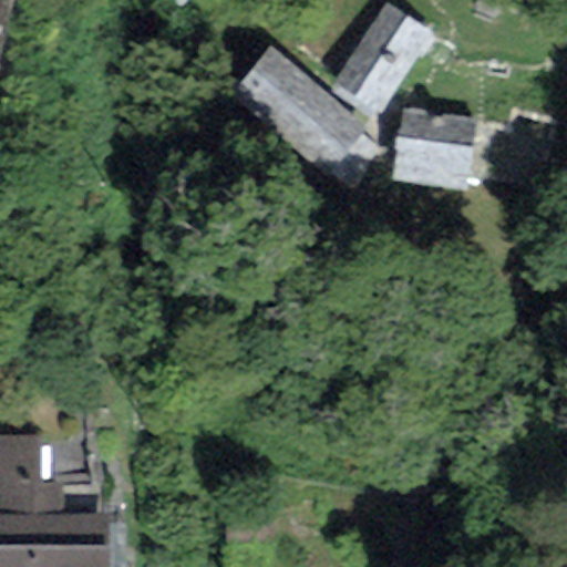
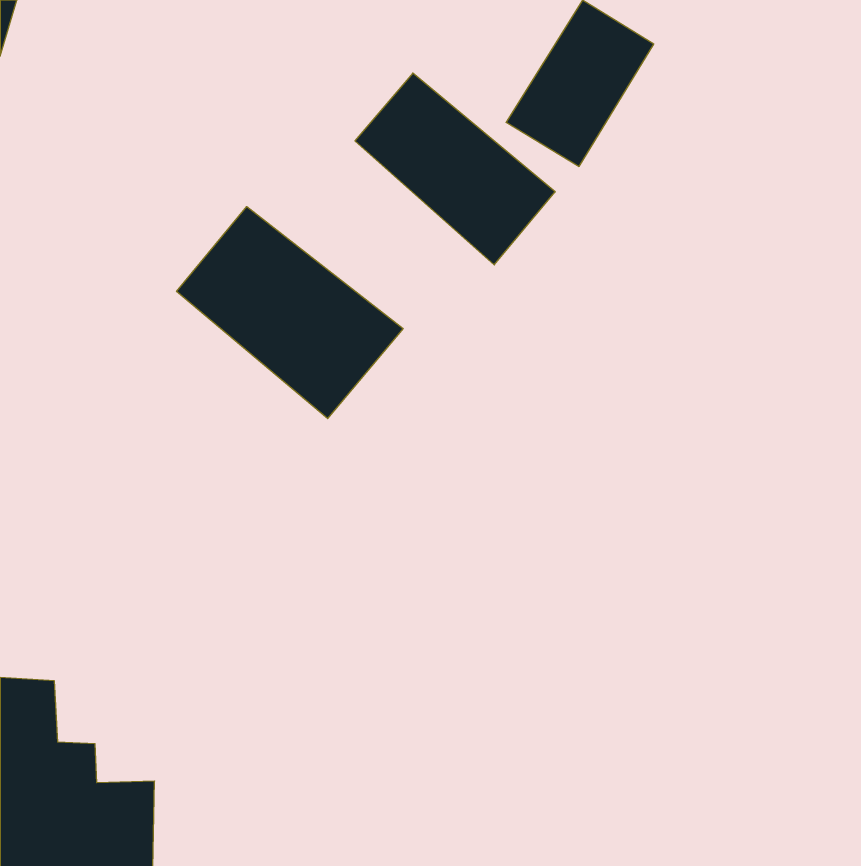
building: [403,116,473,185] -> none
building: none -> [177,207,403,419]

